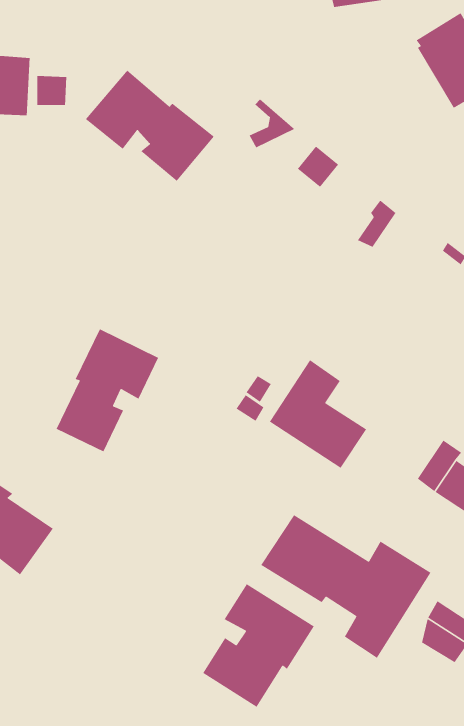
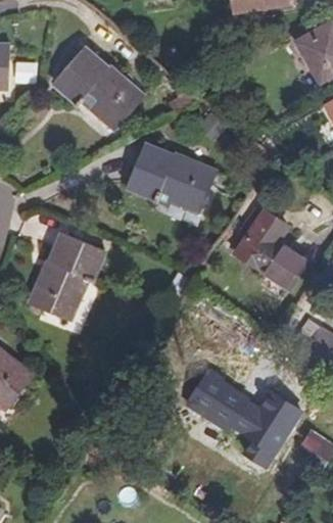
building: none -> [134,151,223,215]
building: [269,359,367,469] -> [235,209,303,286]
building: [202,583,315,708] -> none

